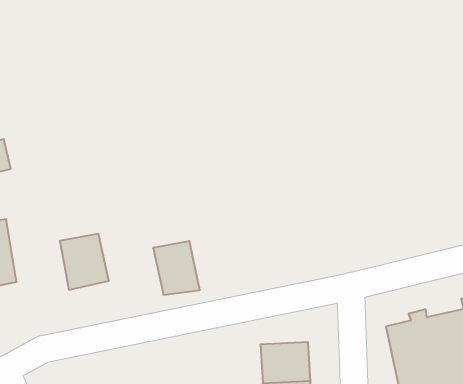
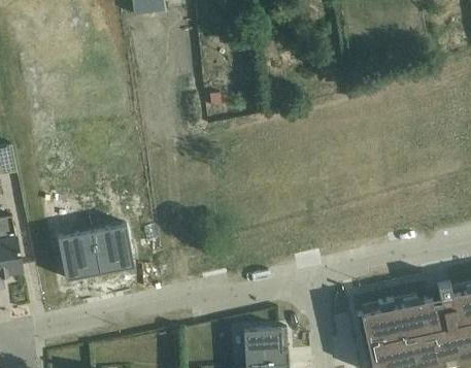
building: [153,241,200,295] -> [96,224,138,272]

